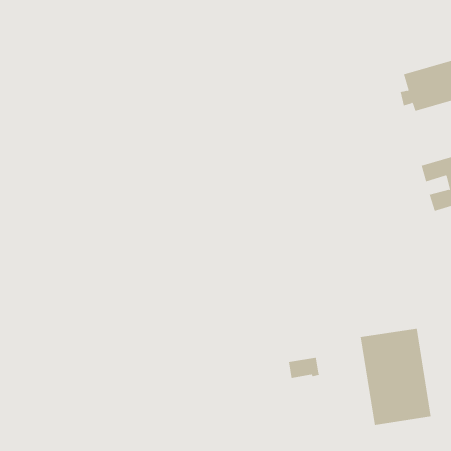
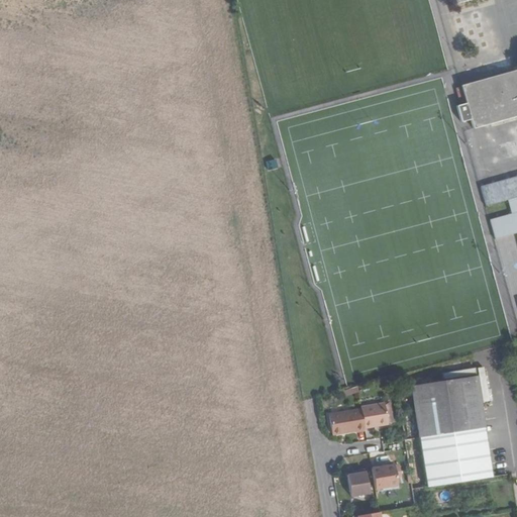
building: none -> [363,402,394,426]
building: none -> [373,462,402,487]
building: none -> [348,468,370,494]

